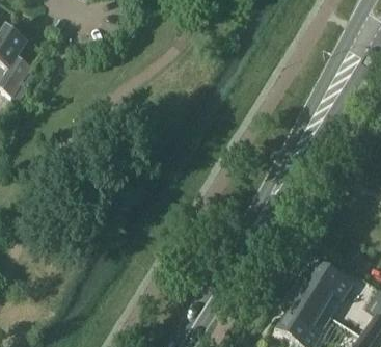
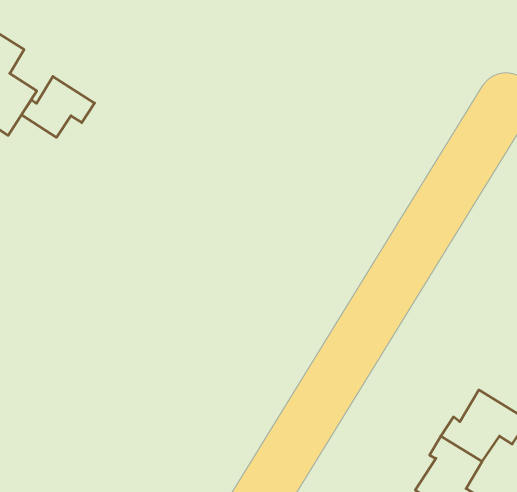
building: none -> [21,76,95,137]

